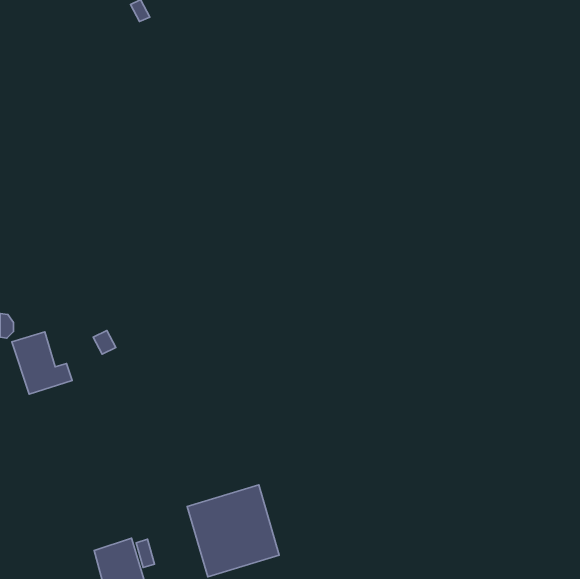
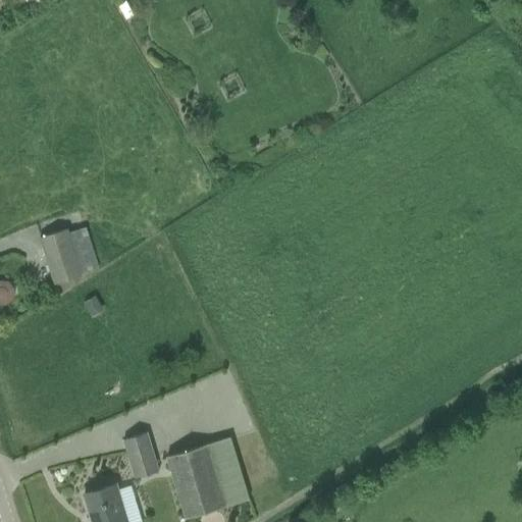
building: [12,332,72,394] -> [40,229,94,285]
building: none -> [122,435,158,480]

